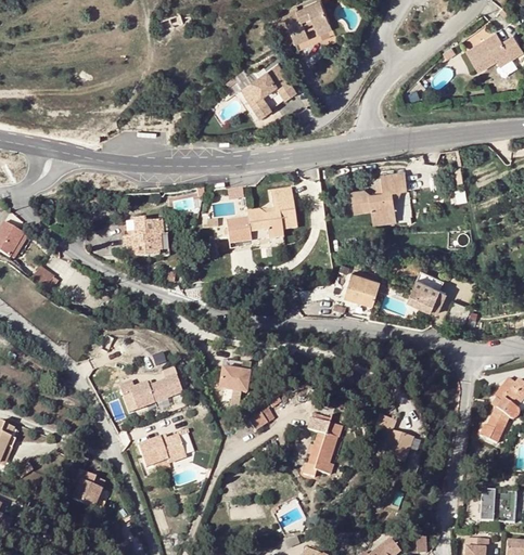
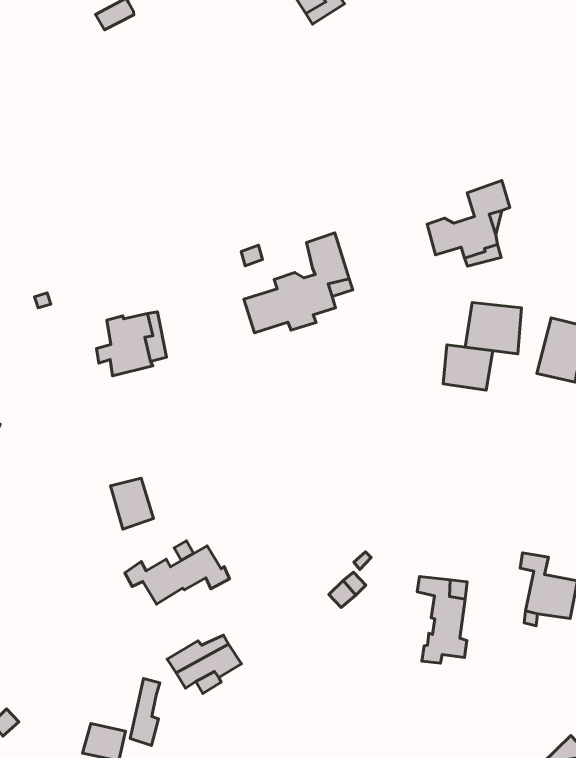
building: [242,64,297,116] -> none
building: none -> [465,303,521,354]
building: none -> [111,478,153,529]
building: [218,359,250,392] -> none
building: none -> [130,678,160,746]

